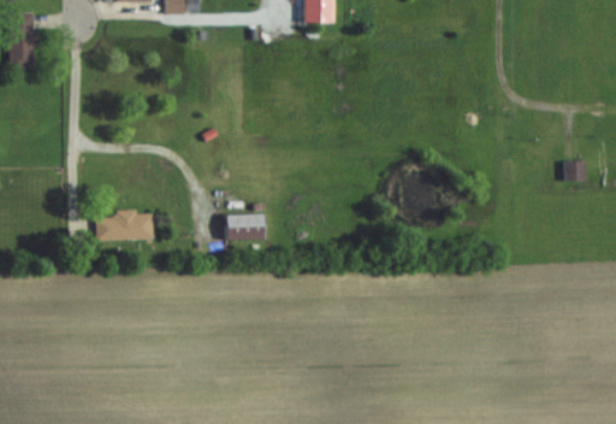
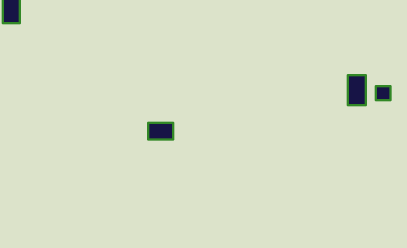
building: none -> [348,75,366,105]
building: [97,213,152,240] -> none

